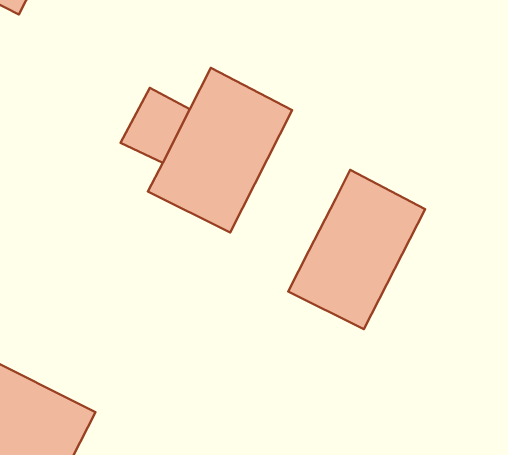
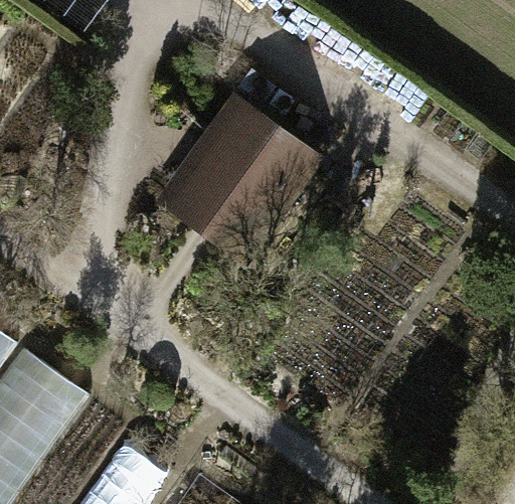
building: [288,170,425,329] -> none

